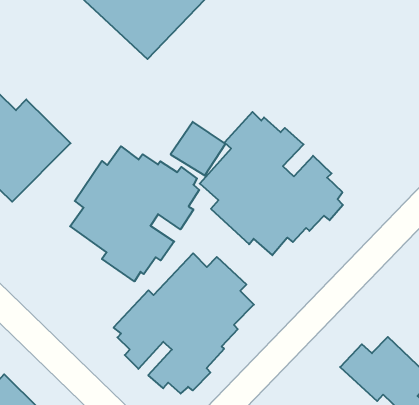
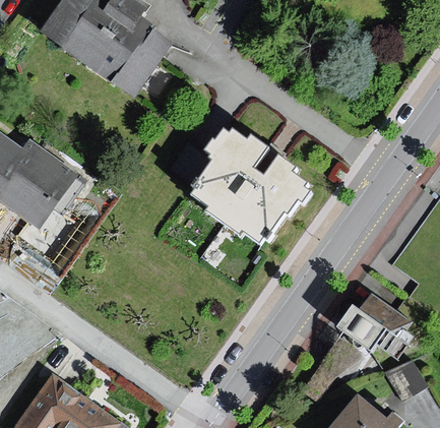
building: [70,146,199,281] -> none
building: [114,253,254,394] -> none

